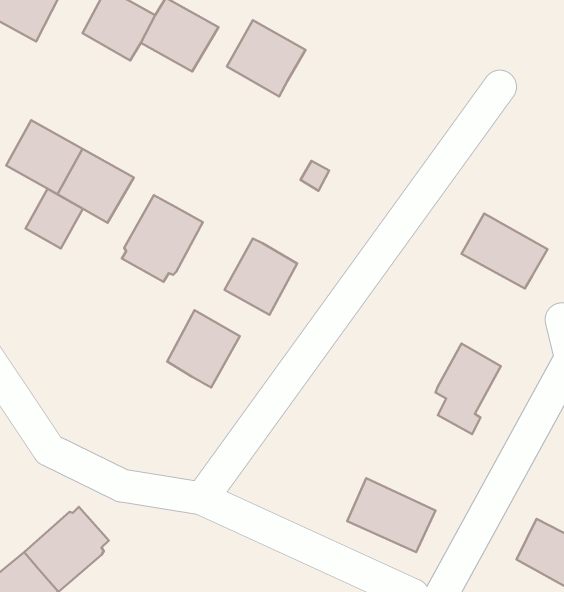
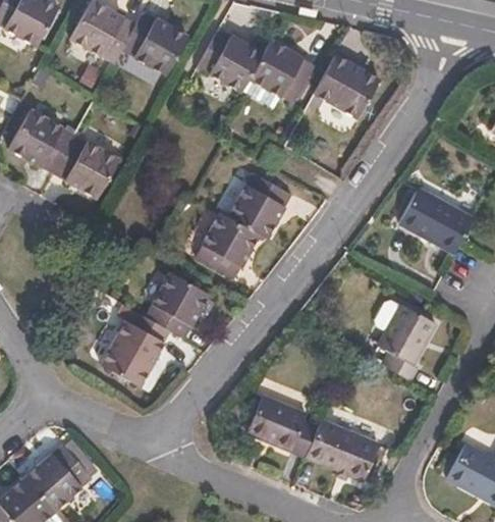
building: none -> [250,39,316,103]
building: none -> [315,53,382,117]
building: [25,189,83,249] -> none
building: none -> [228,173,291,240]
building: [122,195,203,282] -> none
building: none -> [101,310,168,385]
building: none -> [244,392,314,454]

